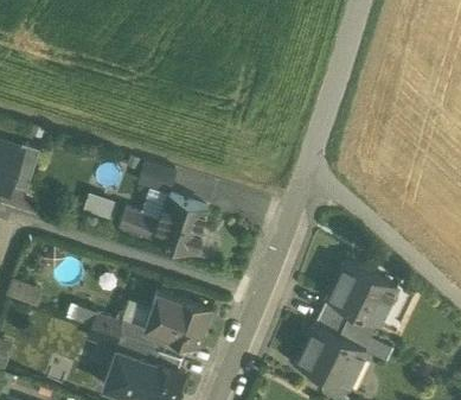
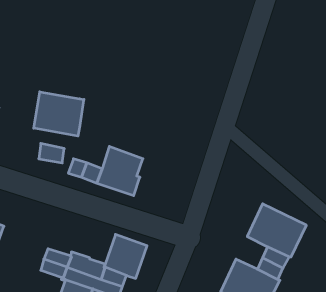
building: none -> [34,92,84,136]
building: [145,293,174,334] -> none

